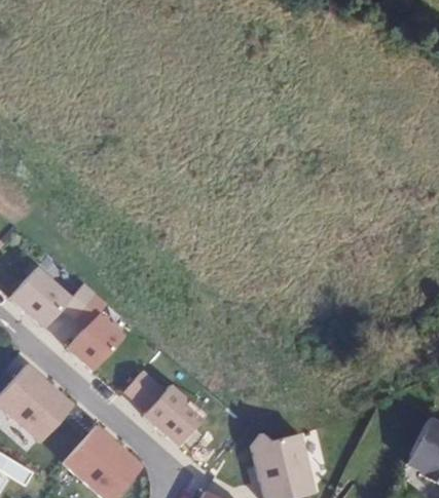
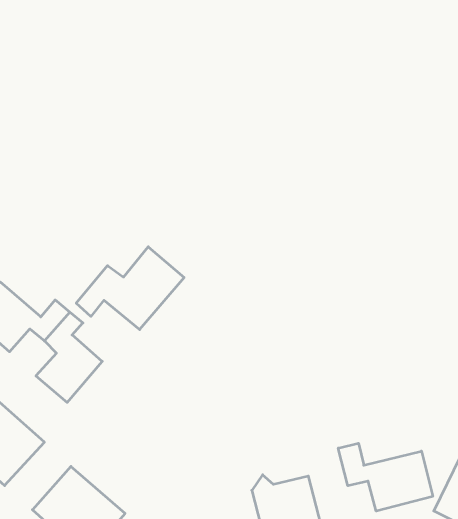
building: none -> [76,247,184,330]
building: [124,371,206,447] -> none
building: none -> [338,443,433,511]

